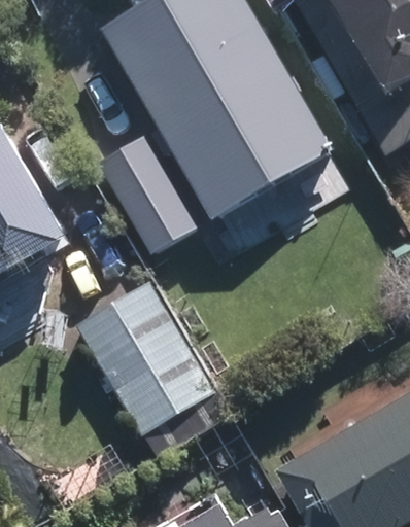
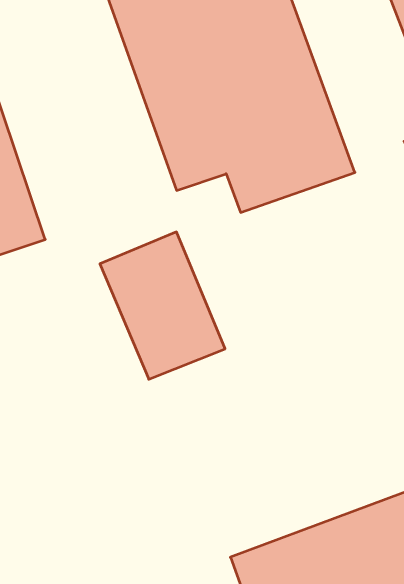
building: [65,314,190,446] -> none

